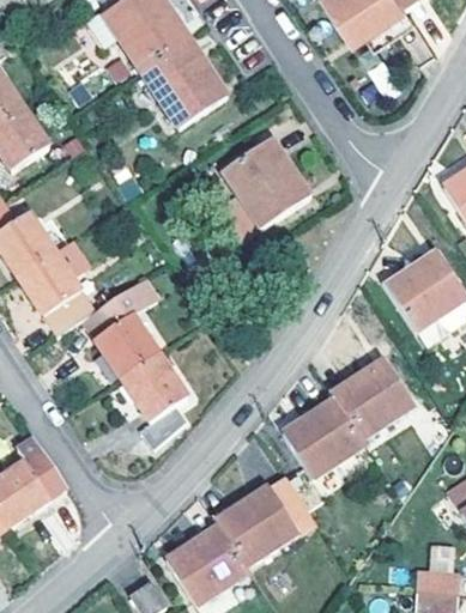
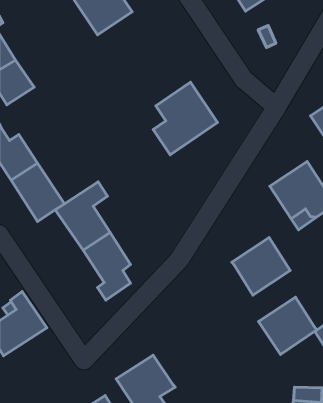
building: [140,38,229,128] -> none
building: [282,397,364,479] -> [258,297,317,354]
building: [217,475,315,566] -> none

